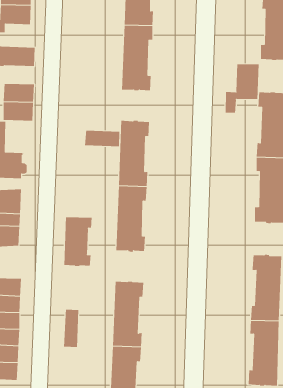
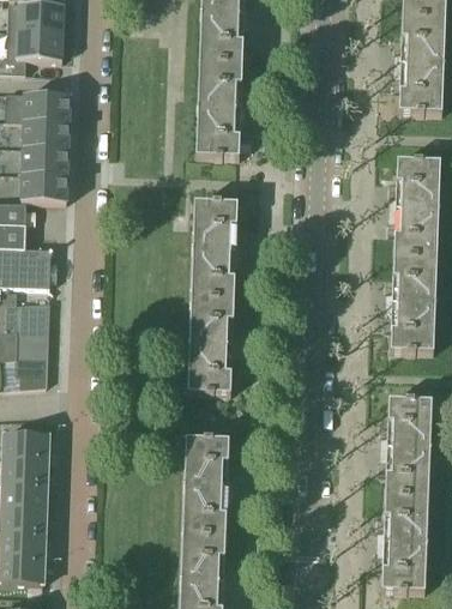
building: [225,63,259,113] -> none
building: none -> [23,121,68,149]
building: [85,130,120,147] -> none
building: [64,216,92,267] -> none
building: [64,309,79,348] -> none

